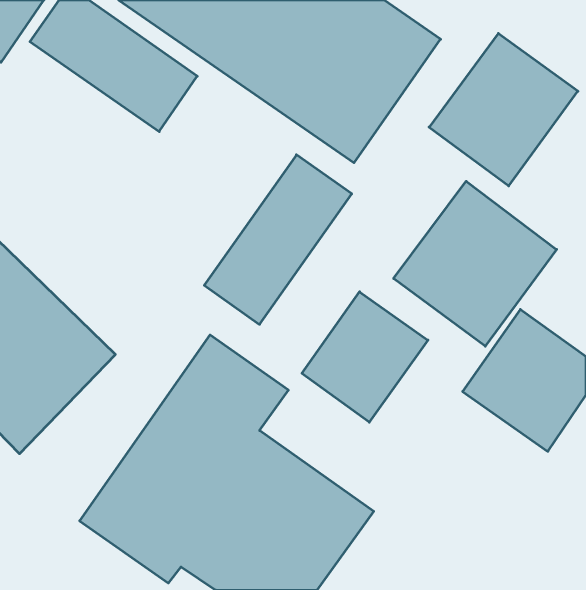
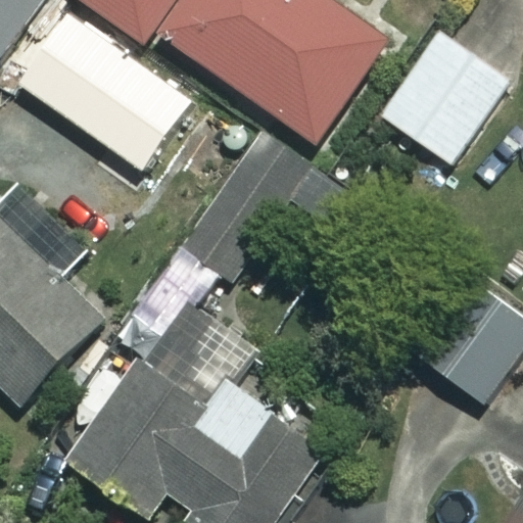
building: [394,181,557,346] -> none
building: [302,292,428,422] -> none

